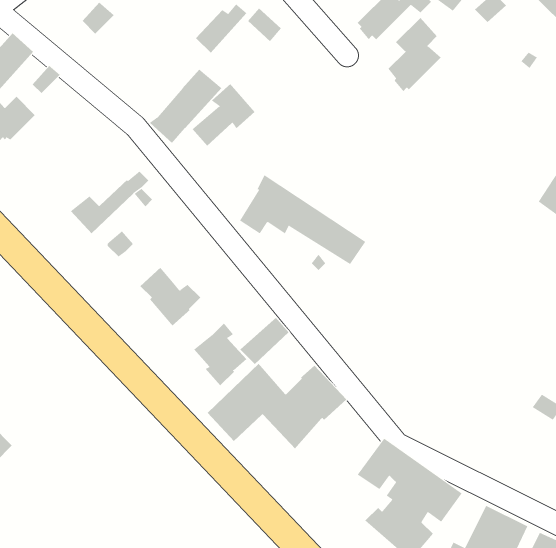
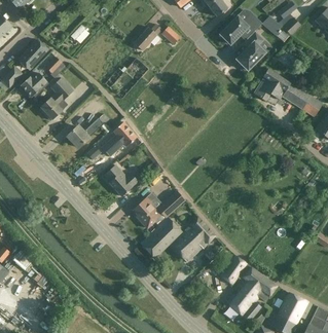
building: [192,83,255,147] -> [103,121,137,155]
building: none -> [40,77,73,120]
building: [239,175,366,265] -> [254,68,322,116]

